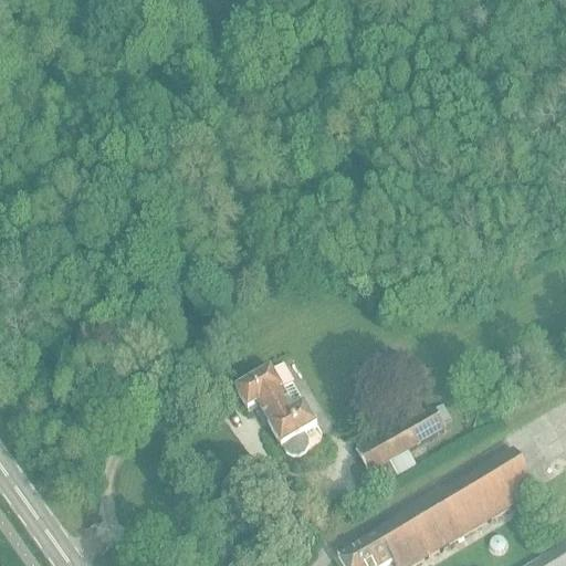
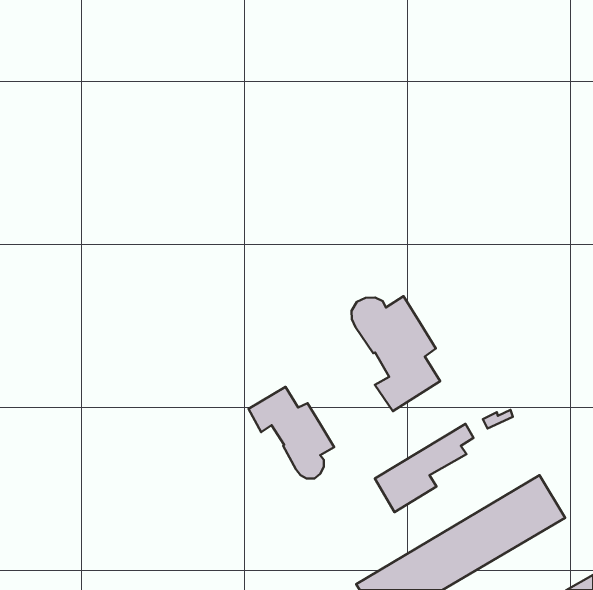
building: none -> [352,296,440,411]

